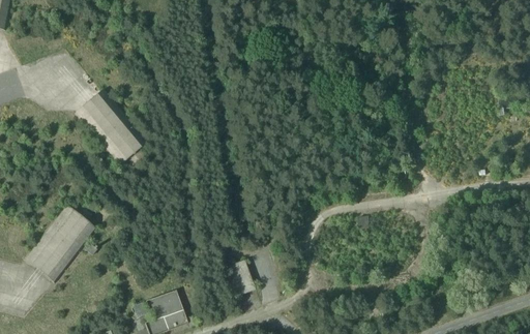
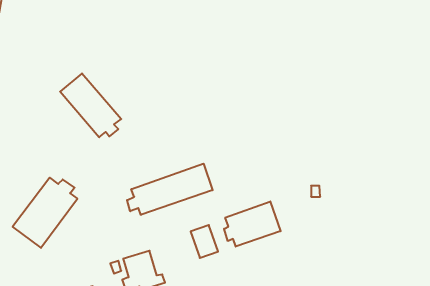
building: none -> [127,164,213,215]
building: none -> [224,201,281,247]

